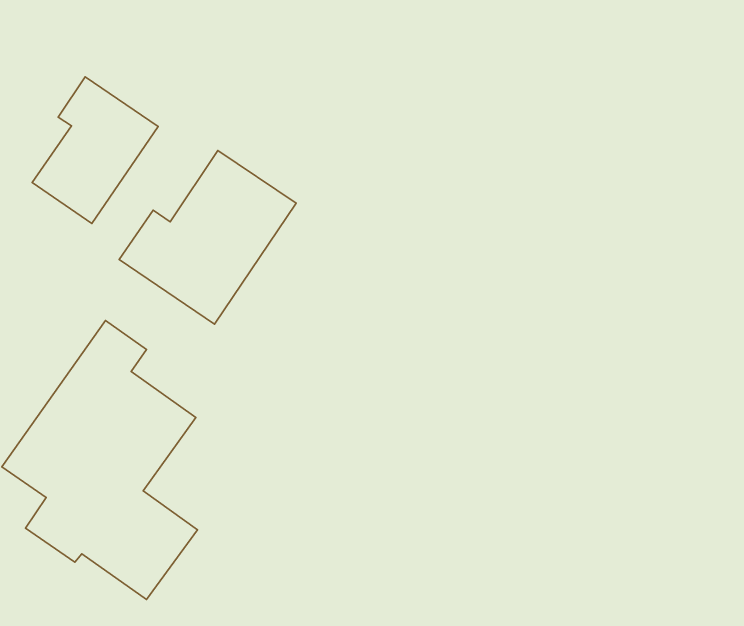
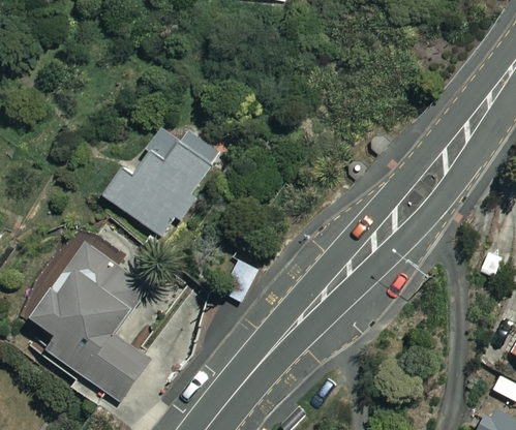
building: [32,77,158,223] -> none

